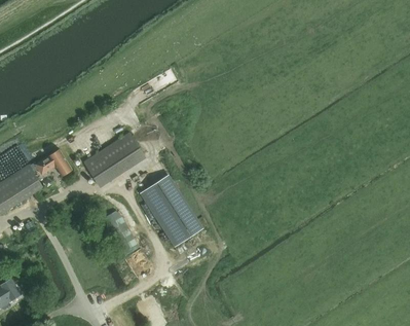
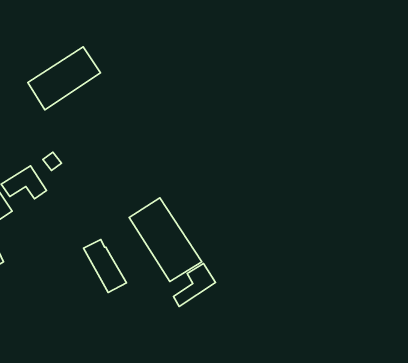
building: [83,133,144,185] -> [28,47,100,110]
building: none -> [173,264,216,307]

